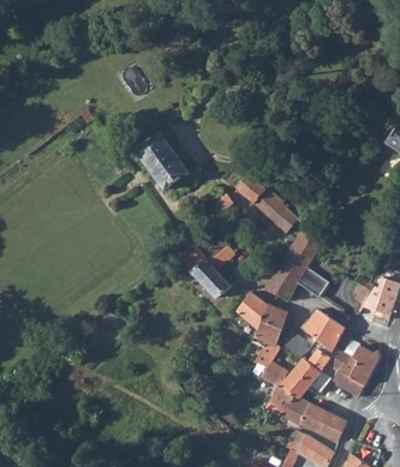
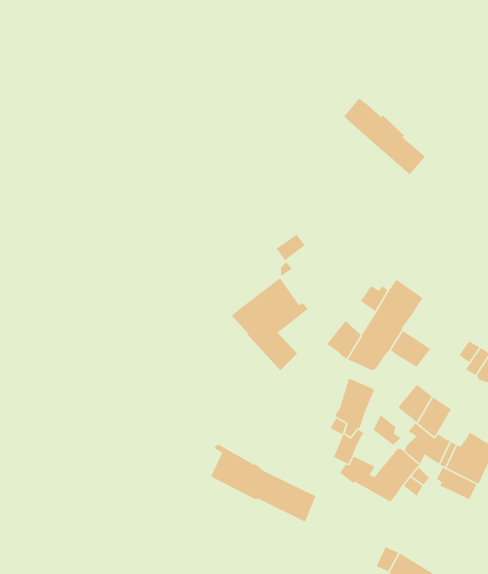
building: [135,132,189,191] -> none
building: [237,174,299,233] -> [343,97,426,175]
building: [235,292,267,327] -> none
building: [265,383,346,443] -> [210,443,317,523]

